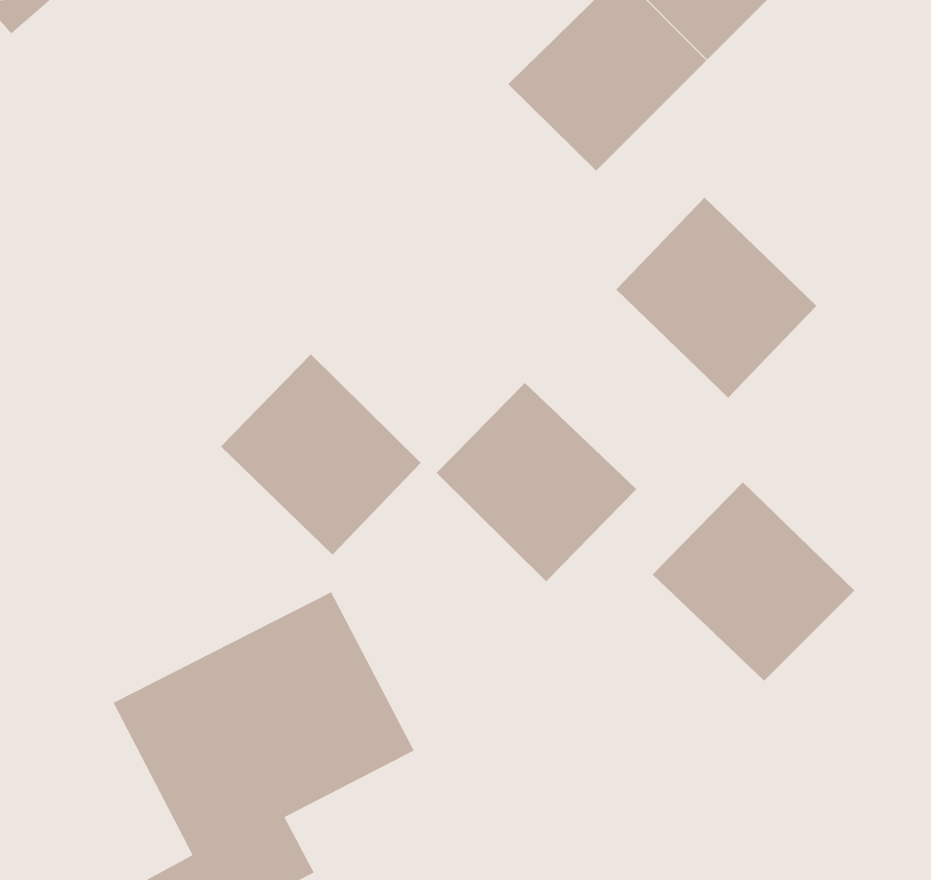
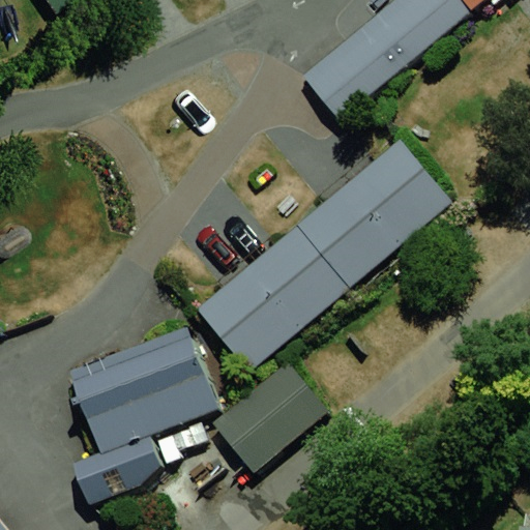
building: [220,354,421,555] -> [195,268,298,374]
building: [652,482,855,681] -> [297,182,402,287]
building: none -> [214,365,326,471]

